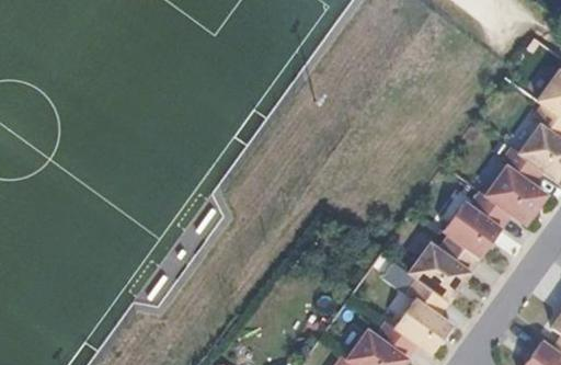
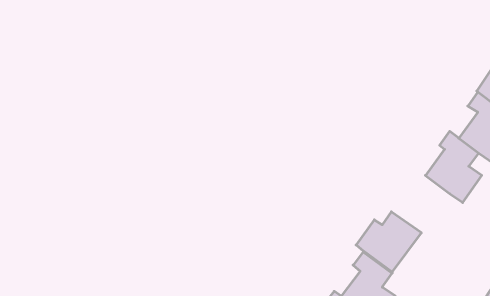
building: [443,191,512,258] -> none

